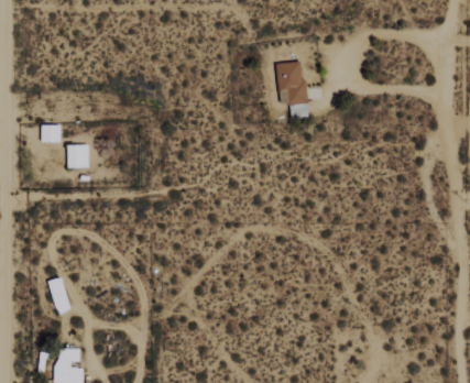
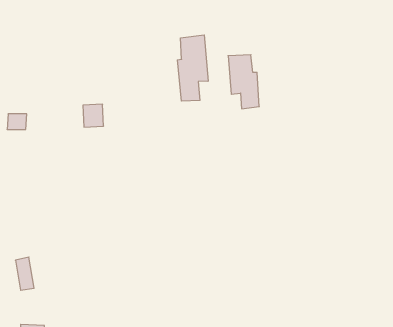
building: none -> [177,35,208,101]
building: [67,143,89,167] -> [83,104,104,127]

